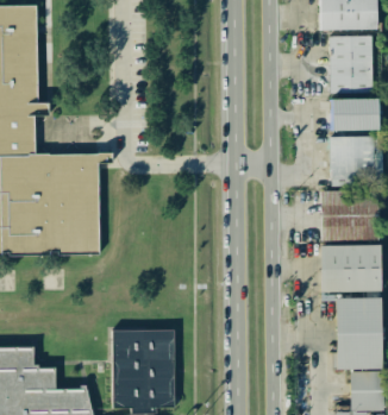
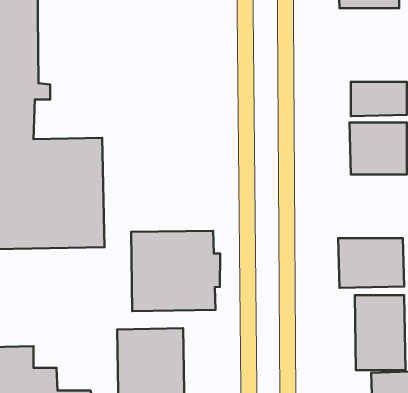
building: [330,36,374,93] -> none
building: [320,189,378,240] -> none
building: none -> [131,231,220,311]

